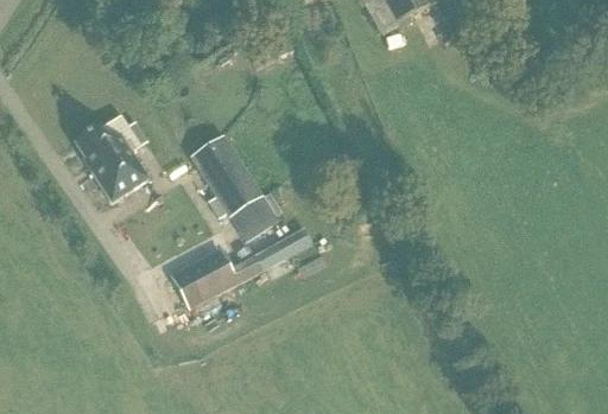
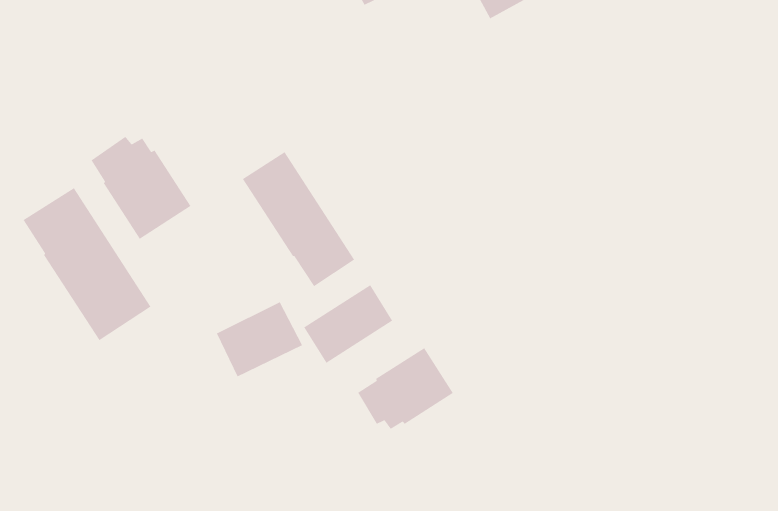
building: none -> [22,187,152,341]
building: none -> [357,347,454,430]

